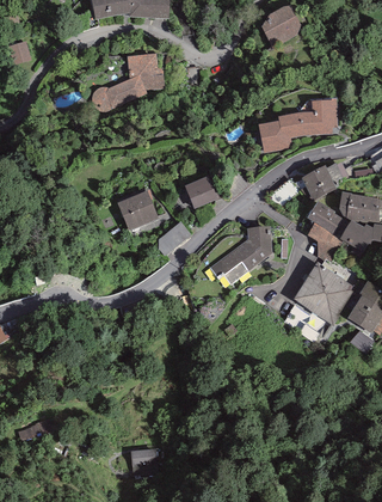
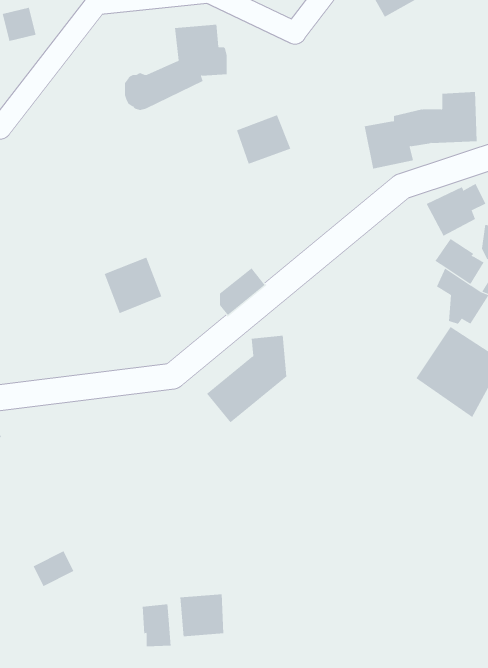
building: [185,173,223,208] -> [236,114,291,165]
building: [117,190,158,229] -> [104,257,162,314]
building: [211,227,267,288] -> [206,335,287,423]
building: none -> [142,604,171,647]

